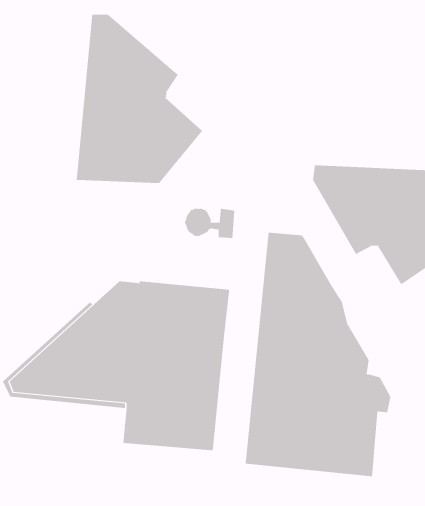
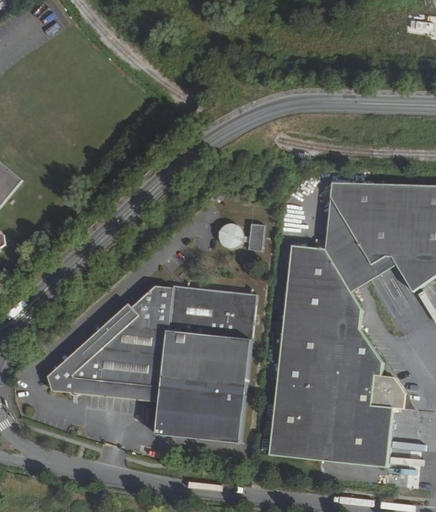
building: [76,14,203,184] -> none
building: none -> [323,193,395,289]

